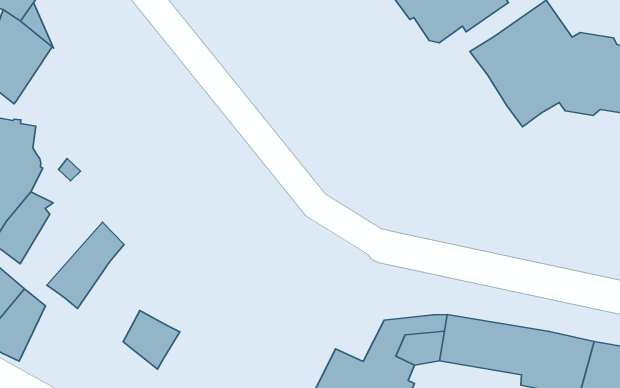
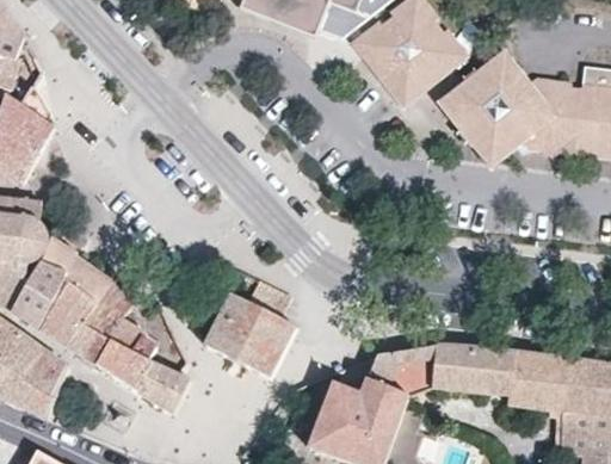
building: none -> [37,239,110,346]
building: none -> [203,279,297,379]
building: none -> [93,320,155,392]

